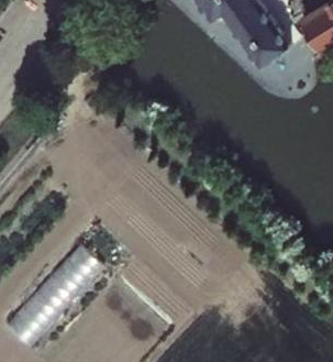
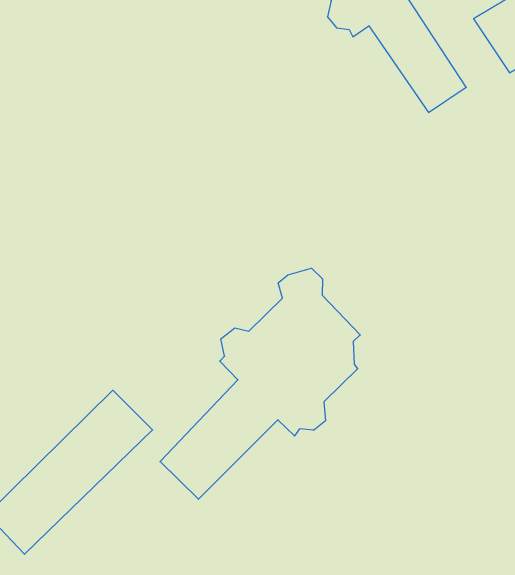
building: none -> [160,268,360,499]

